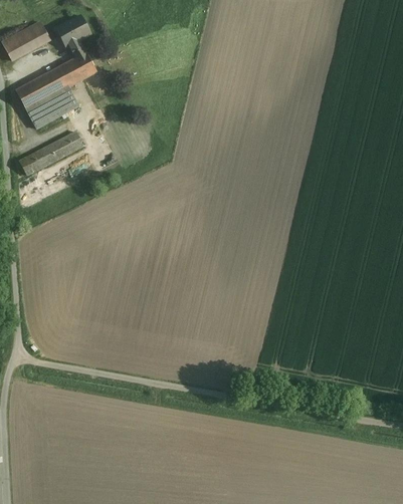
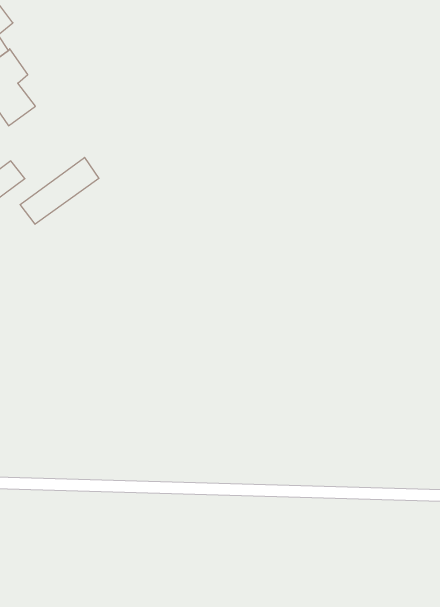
building: none -> [20,157,99,224]

